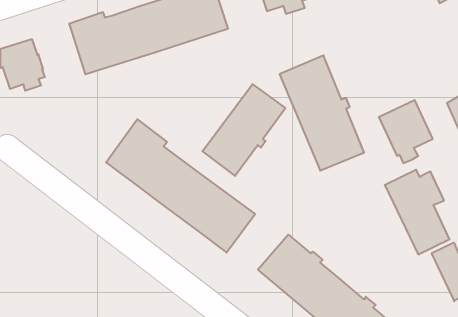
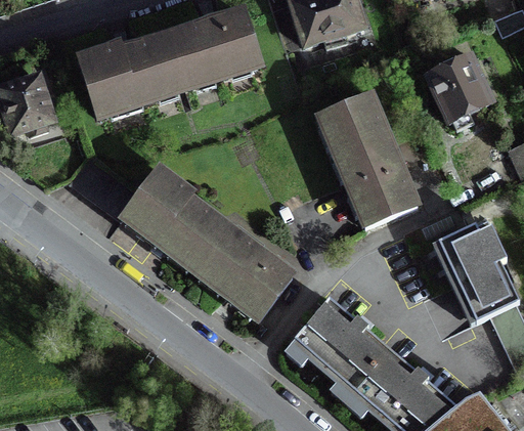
building: [202,84,285,176] -> none
building: [379,100,433,163] -> [428,57,489,129]

